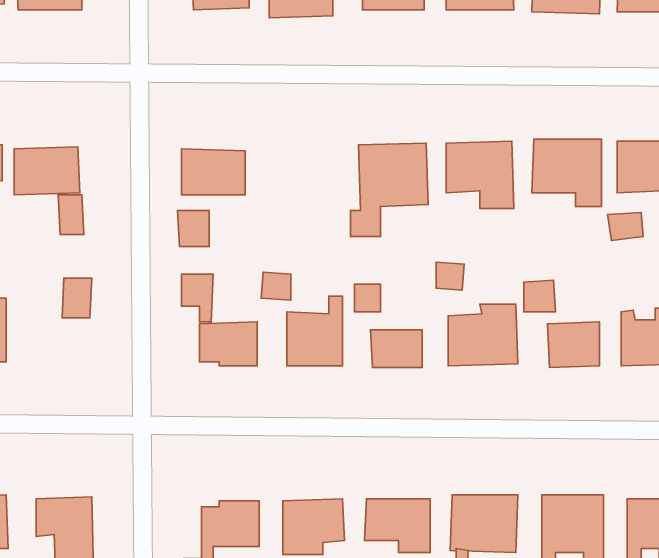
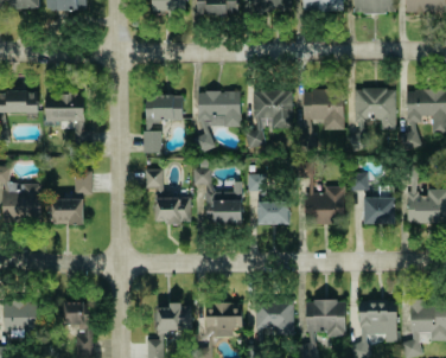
building: none -> [196,92,240,151]
building: none -> [49,199,83,225]

